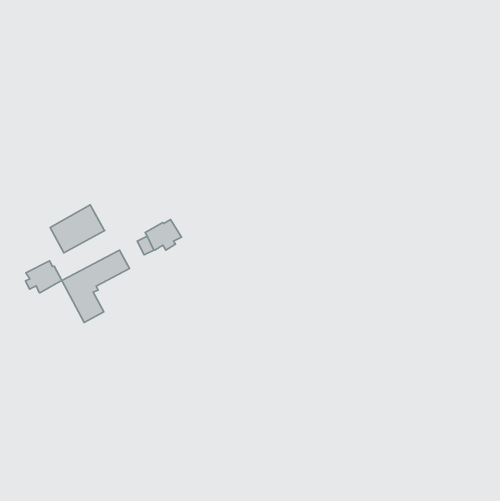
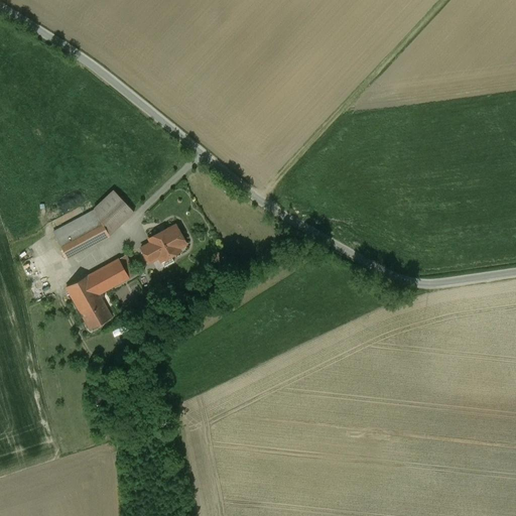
building: none -> [94,189,134,236]
building: [26,261,62,293] -> none

